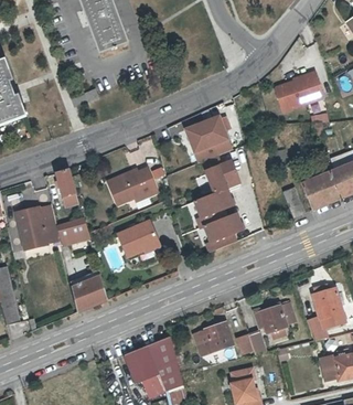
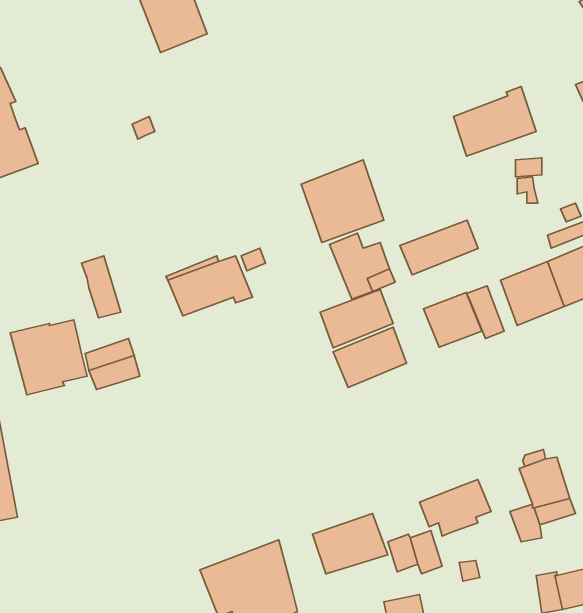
building: none -> [400,220,478,275]
building: none -> [424,293,482,347]
building: [115,221,157,258] -> none
building: [69,270,107,311] -> none

